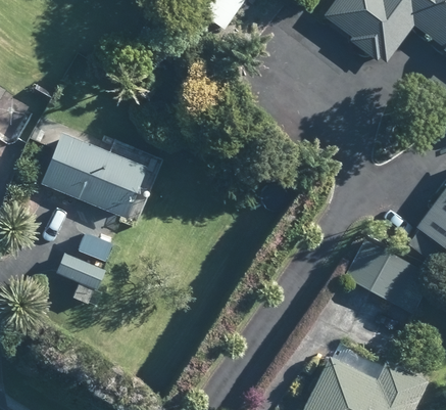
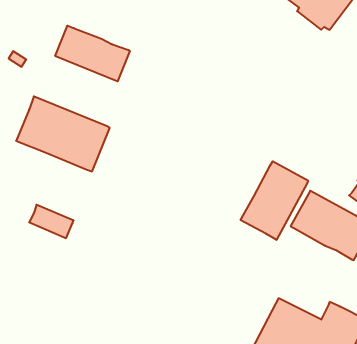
building: none -> [55,26,130,81]
building: none -> [241,161,308,240]

